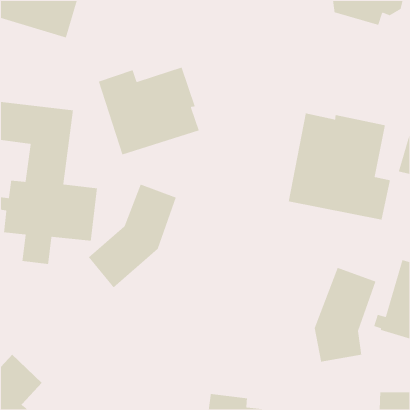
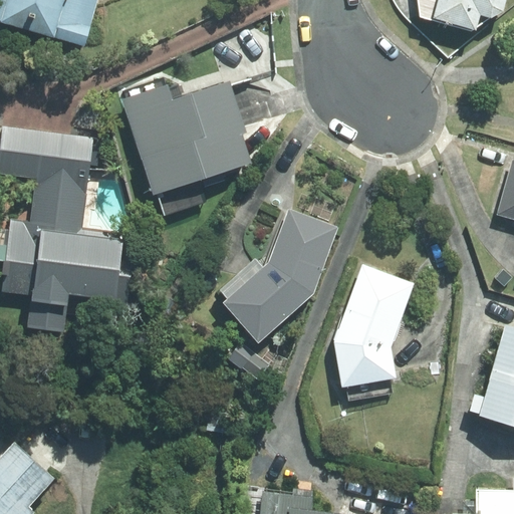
building: [288,113,391,220] -> none
building: [88,183,177,289] -> [224,212,335,343]
building: [314,267,377,362] -> [332,265,411,384]

